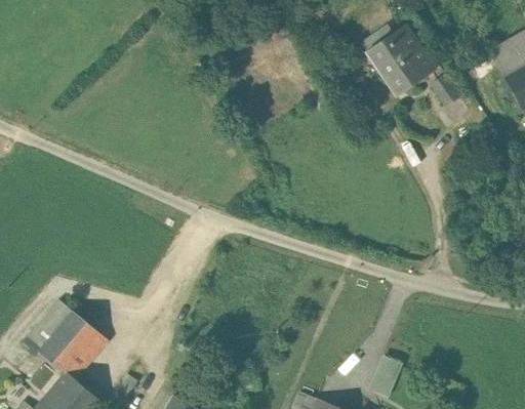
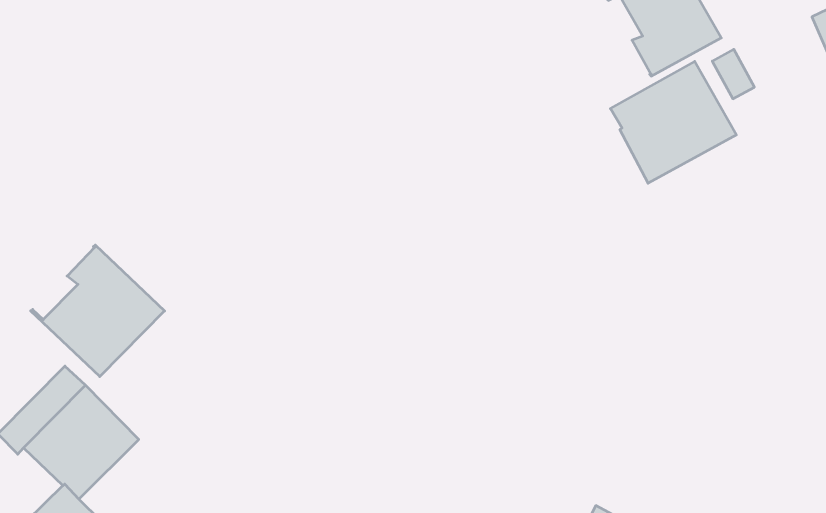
building: none -> [610,61,736,183]
building: none -> [31,245,165,377]

